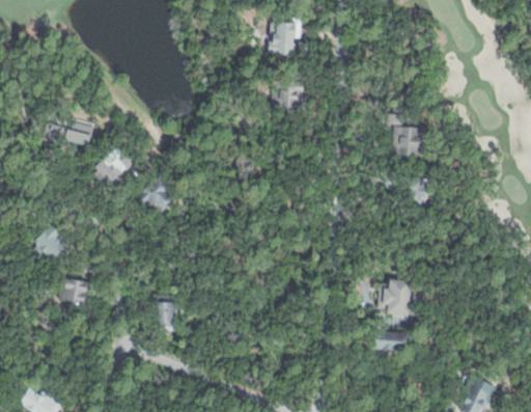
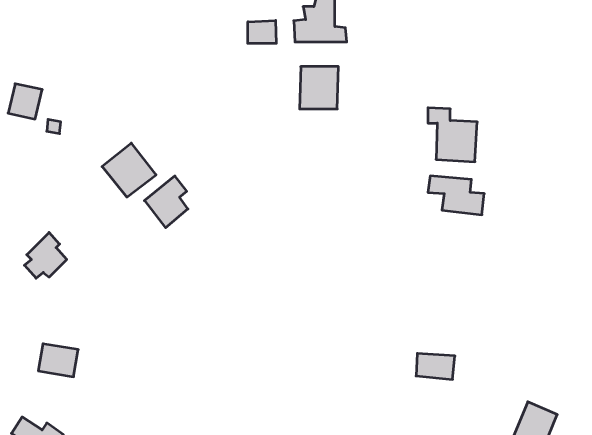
building: none -> [248,20,276,43]
building: [64,117,94,148] -> [8,84,42,119]
building: [57,278,92,307] -> [38,344,78,377]
building: [378,279,416,321] -> none
building: [155,303,180,333] -> none

